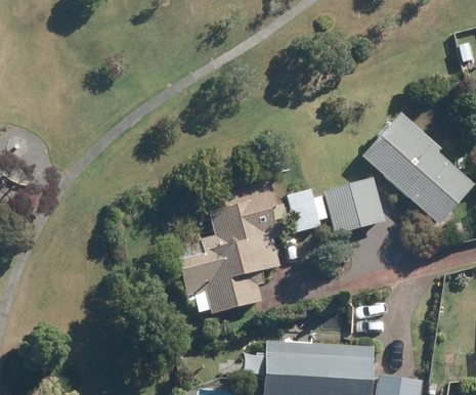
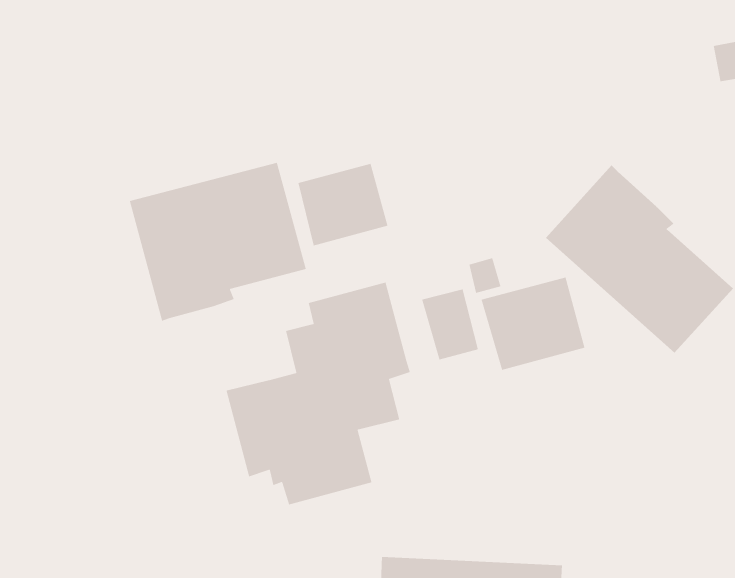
building: none -> [129,162,307,322]
building: none -> [297,163,388,247]

